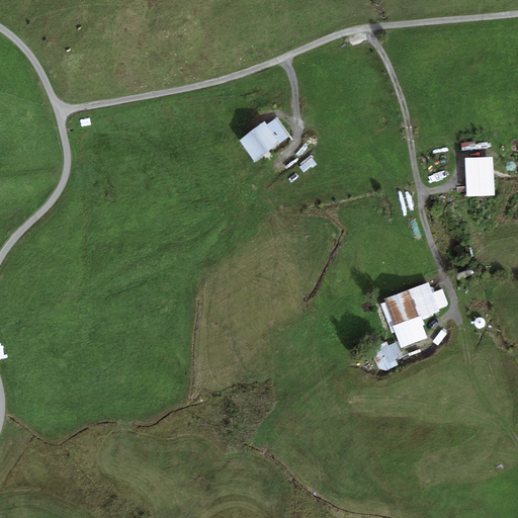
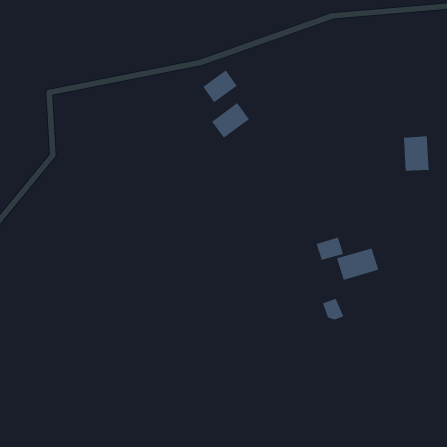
building: none -> [203,69,237,103]
building: [396,318,428,345] -> [316,237,344,260]

